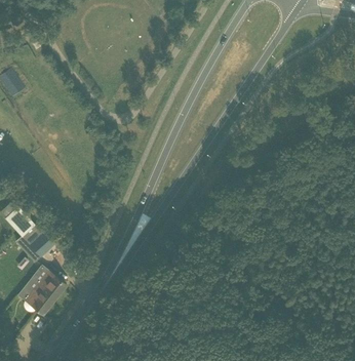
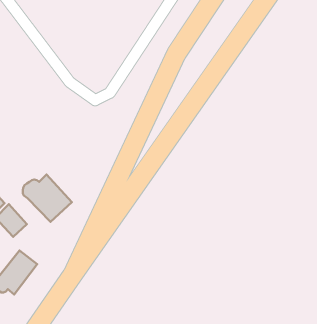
building: none -> [23,175,72,222]

